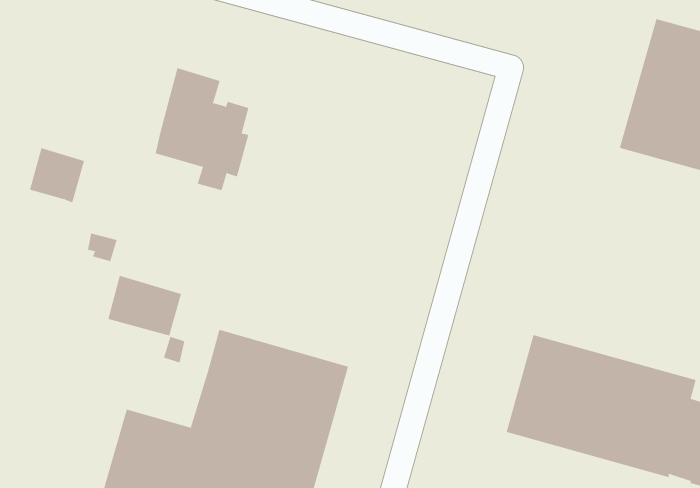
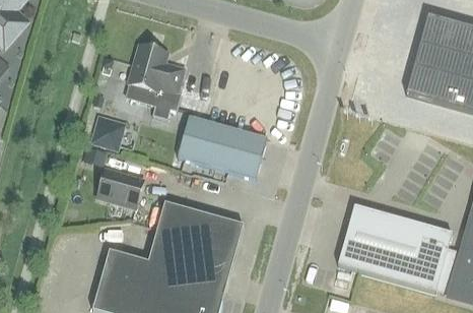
building: [29,147,85,203] -> [90,116,124,149]
building: none -> [177,116,267,177]

